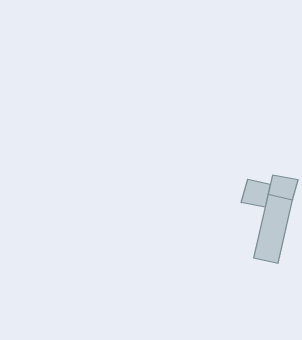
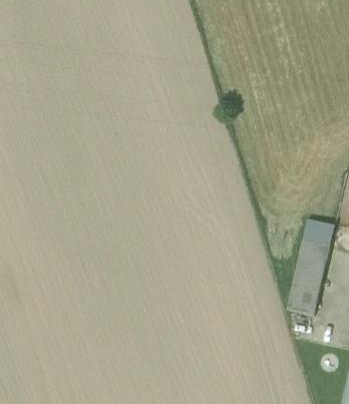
building: [241,179,270,207] -> none

